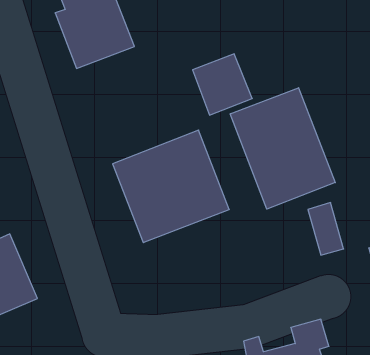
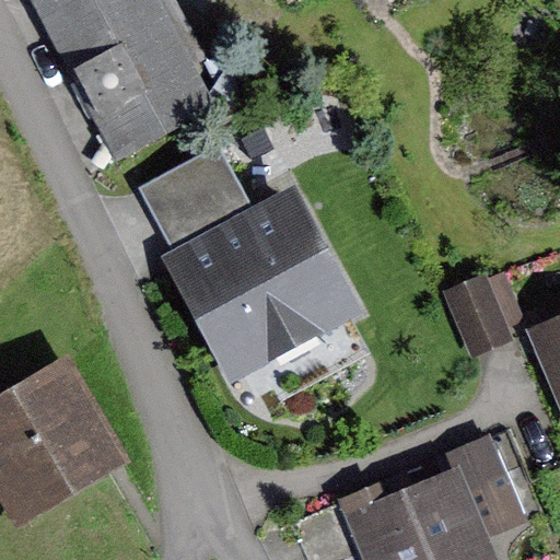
building: [193,54,252,115] -> [163,150,248,236]
building: [230,88,335,209] -> none

